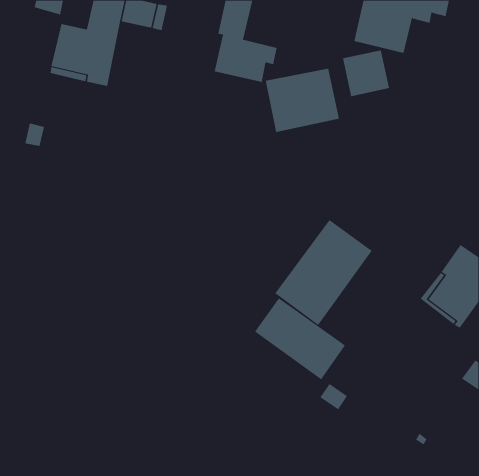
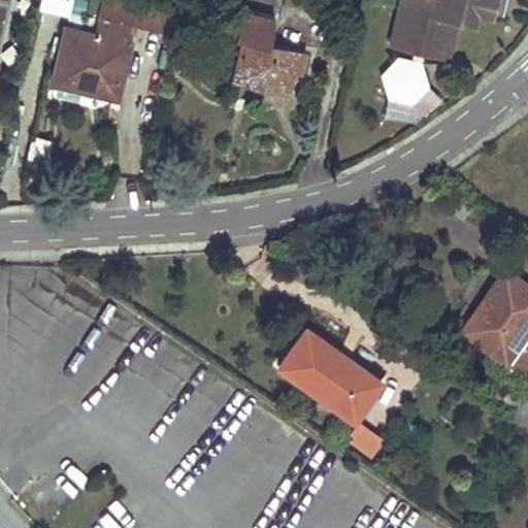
building: [265,68,339,133] -> none
building: [275,219,373,326] -> none

